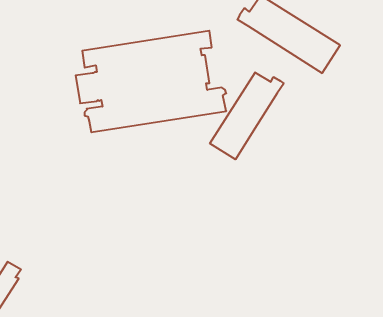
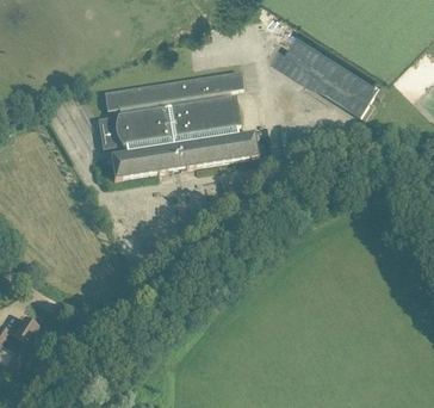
building: [210,72,284,159] -> none

